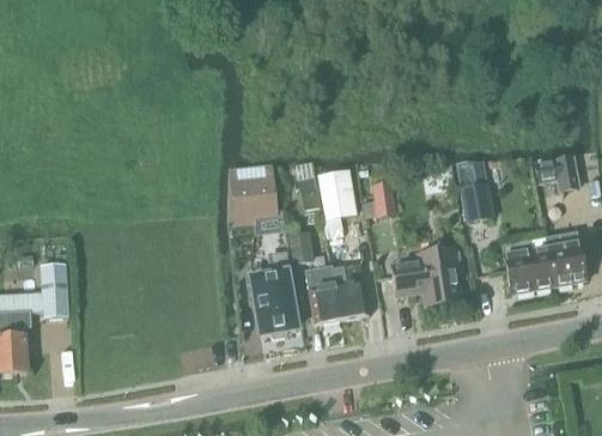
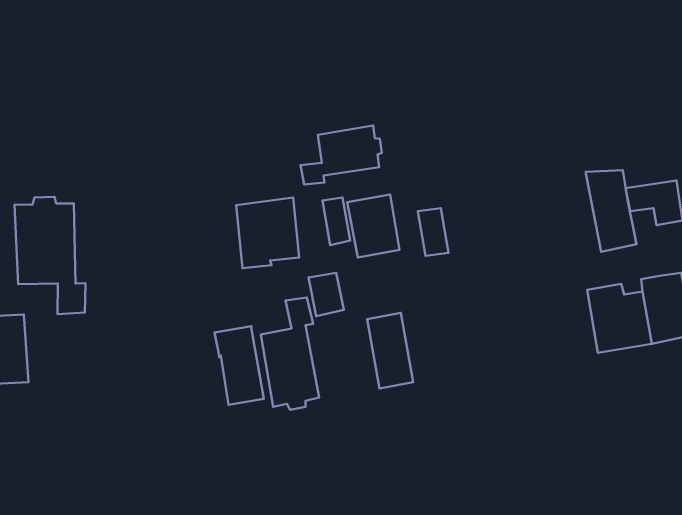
building: none -> [300,125,382,184]
building: [454,158,493,222] -> [586,170,637,252]
building: none -> [15,197,86,314]
building: [389,248,458,305] -> none
building: [303,264,341,325] -> [215,326,264,405]

